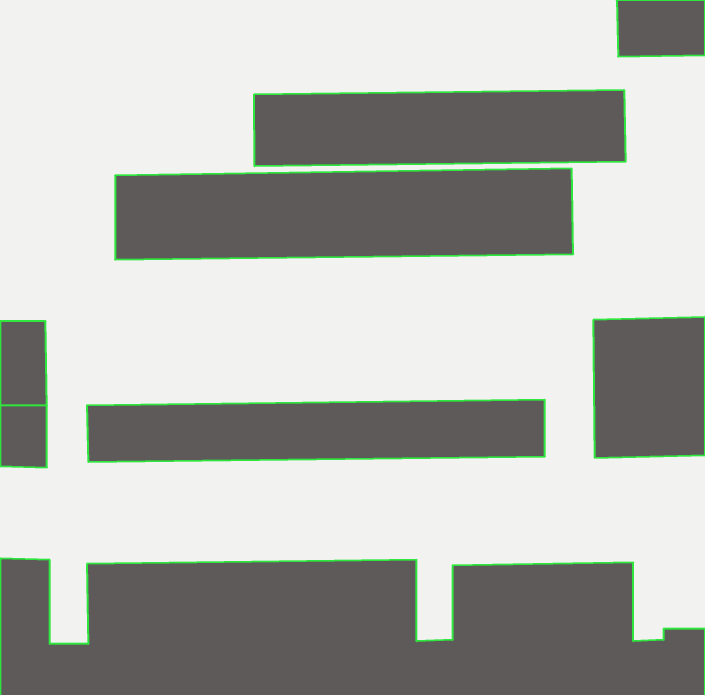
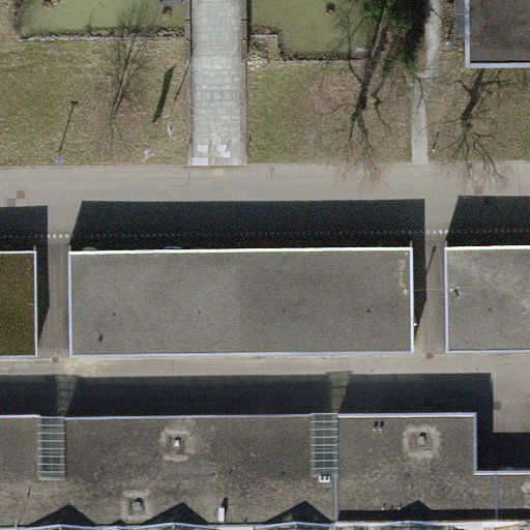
building: [254,90,626,166] -> none
building: [115,169,573,260] -> [65,243,409,312]

